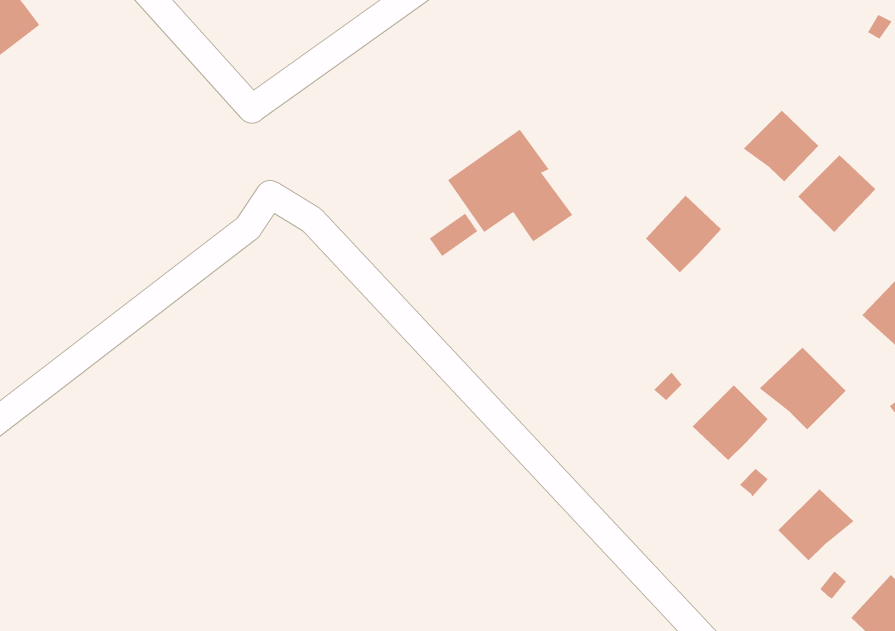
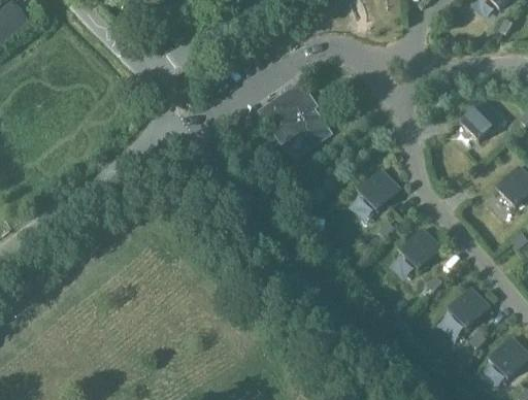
building: [743,110,819,182] -> none
building: [645,195,722,273] -> [357,168,400,212]
building: [759,347,847,430] -> none

